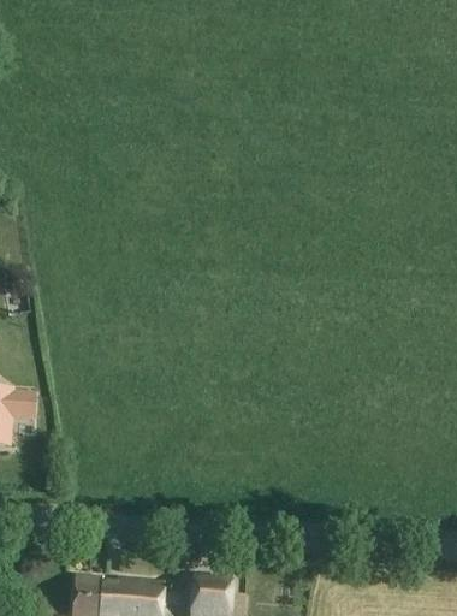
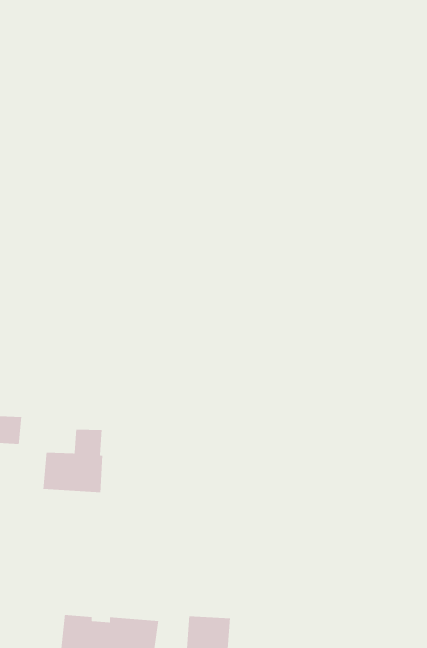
building: none -> [43,429,103,493]

